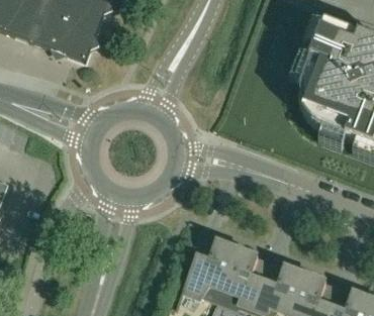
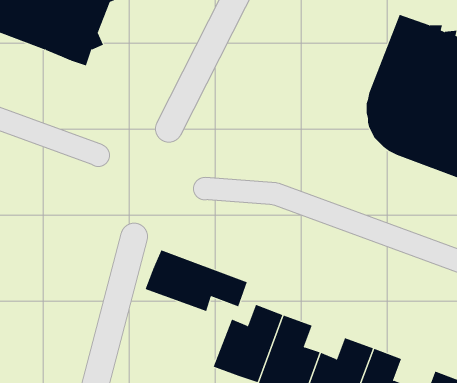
building: none -> [145,250,248,312]

